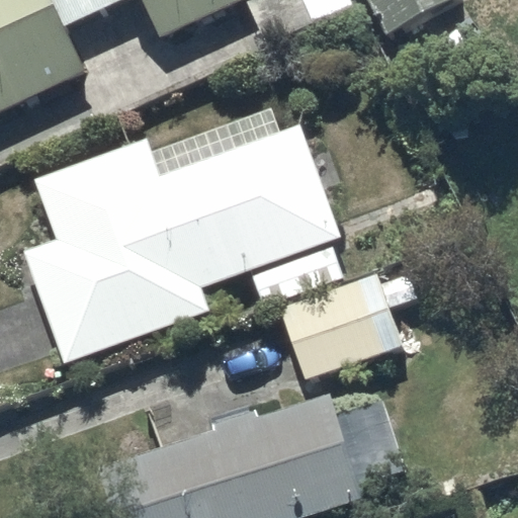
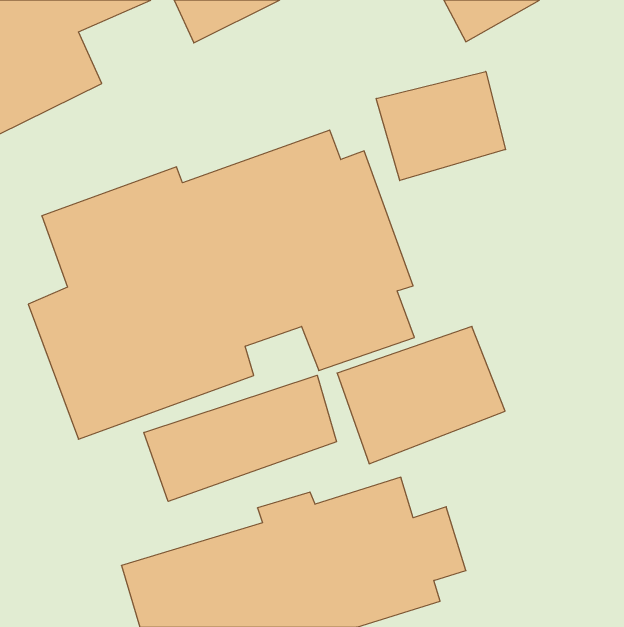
building: none -> [376,71,506,181]
building: none -> [144,375,336,501]

